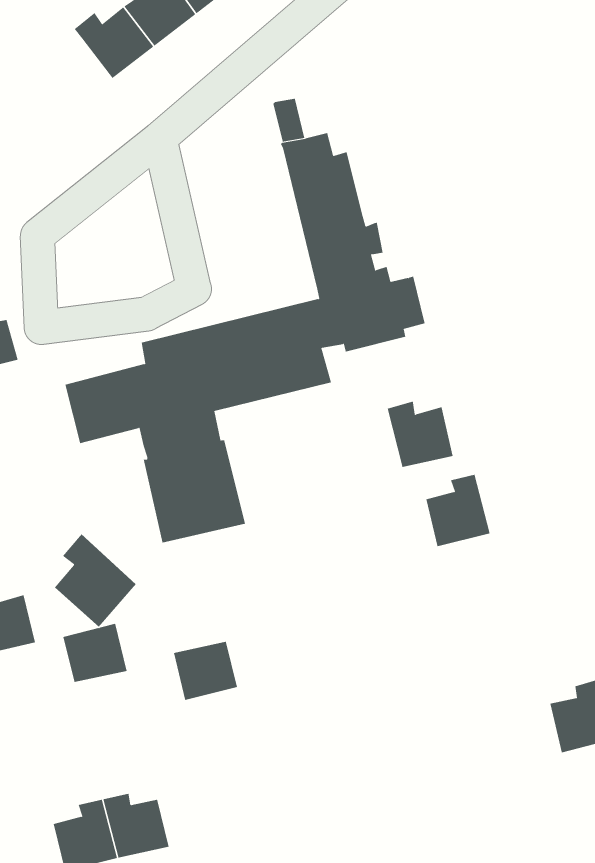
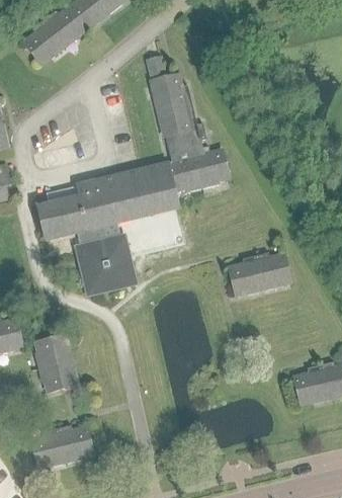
building: none -> [24,20,63,64]
building: [387,401,454,468] -> [255,252,290,287]
building: [54,533,136,628] -> none
building: [173,641,238,700] -> [42,360,77,392]

